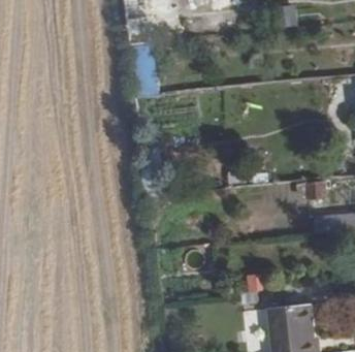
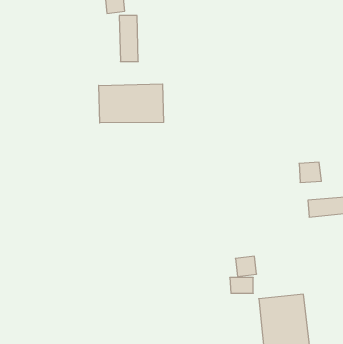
building: none -> [99,84,164,123]

